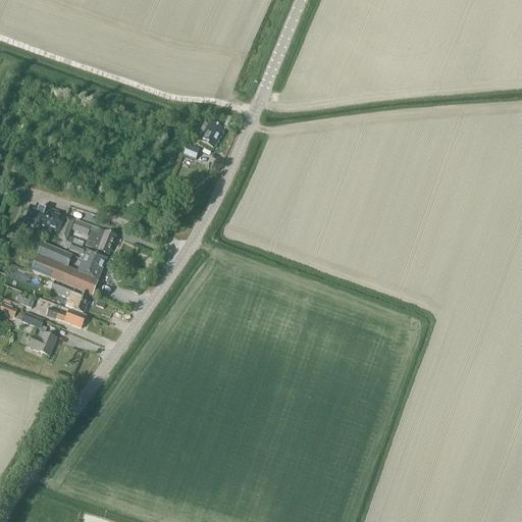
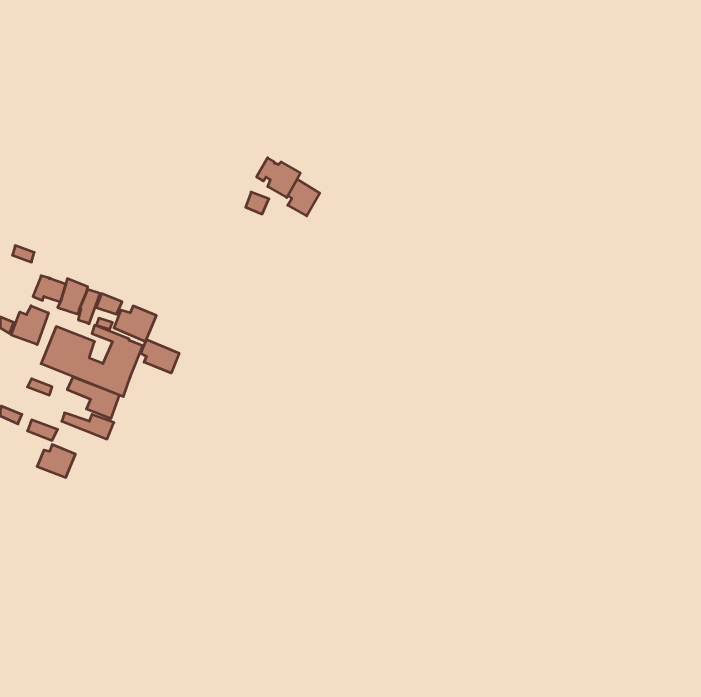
building: none -> [288,179,320,216]
building: none -> [11,306,48,345]
building: none -> [141,339,179,373]

